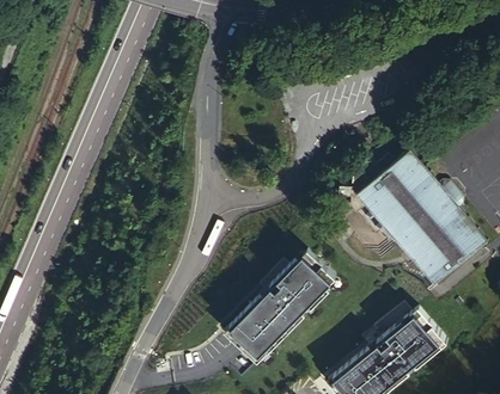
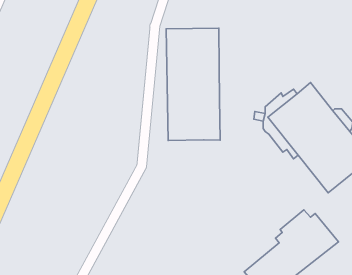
building: none -> [166,28,220,140]
building: [222,254,333,364] -> none

